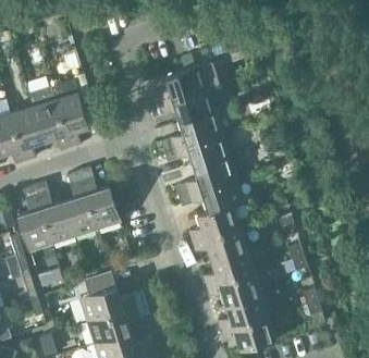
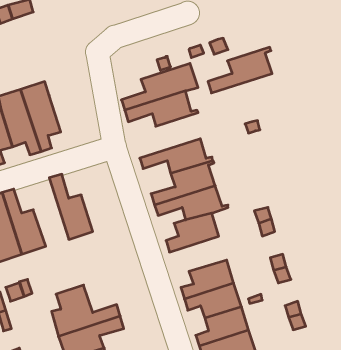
building: [160,108,221,151] -> [208,47,272,93]
building: [62,170,96,235] -> none
building: [192,225,246,259] -> none

